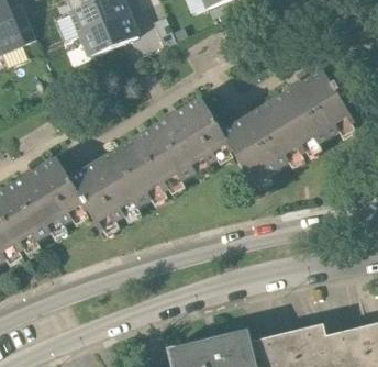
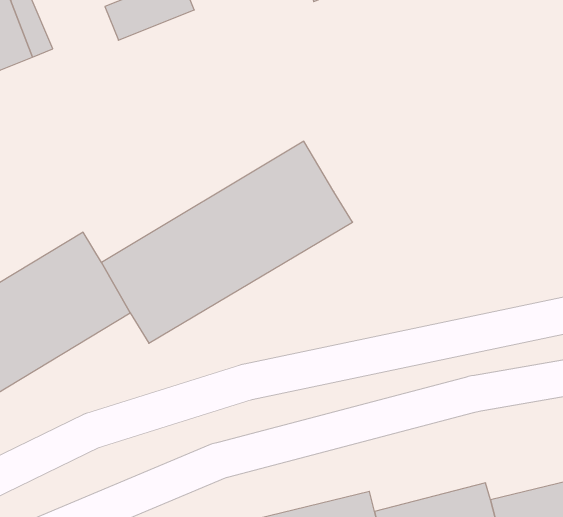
building: [79,12,137,55] -> none
building: [220,69,354,184] -> none

